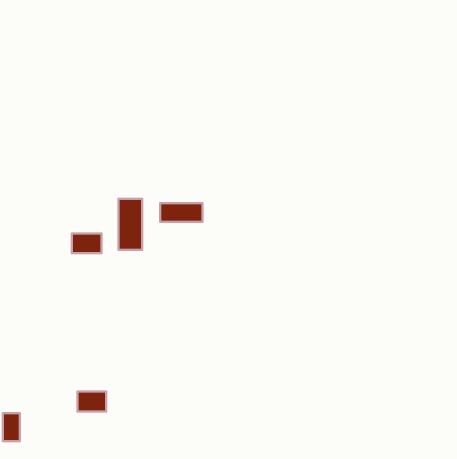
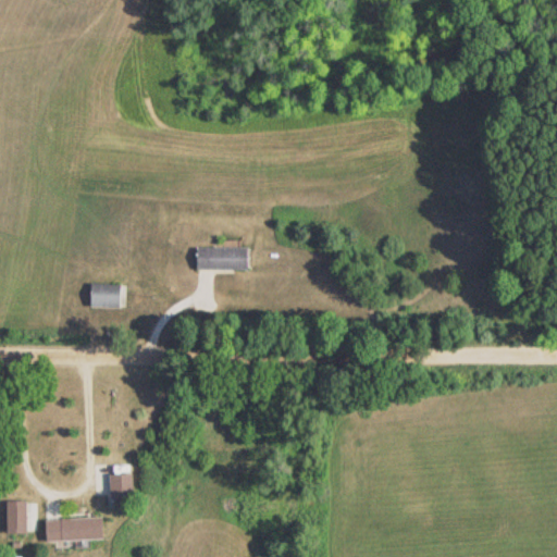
building: [118,199,142,250] -> none
building: none -> [46,519,102,540]

